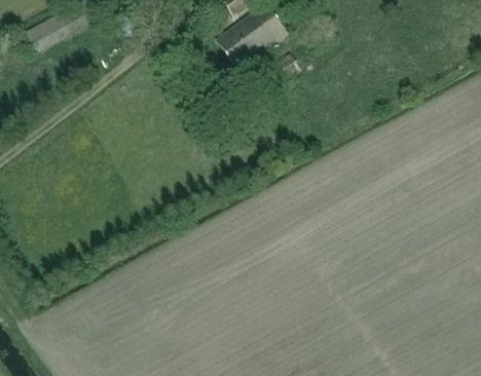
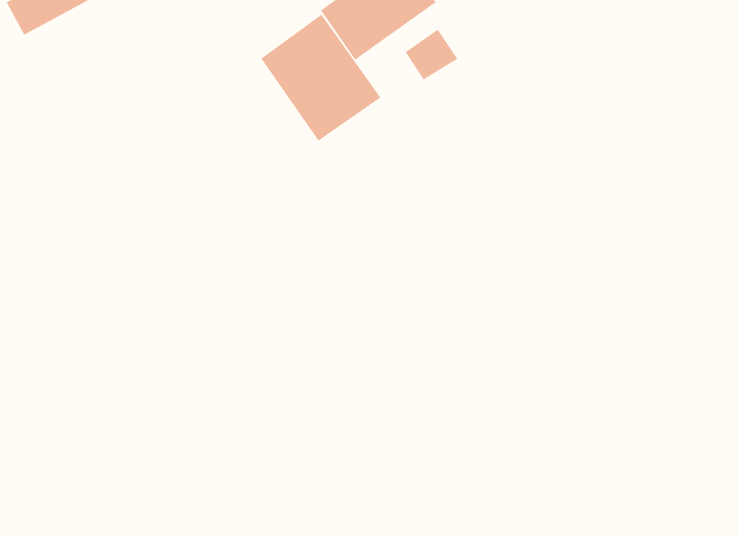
building: none -> [261,14,381,142]

